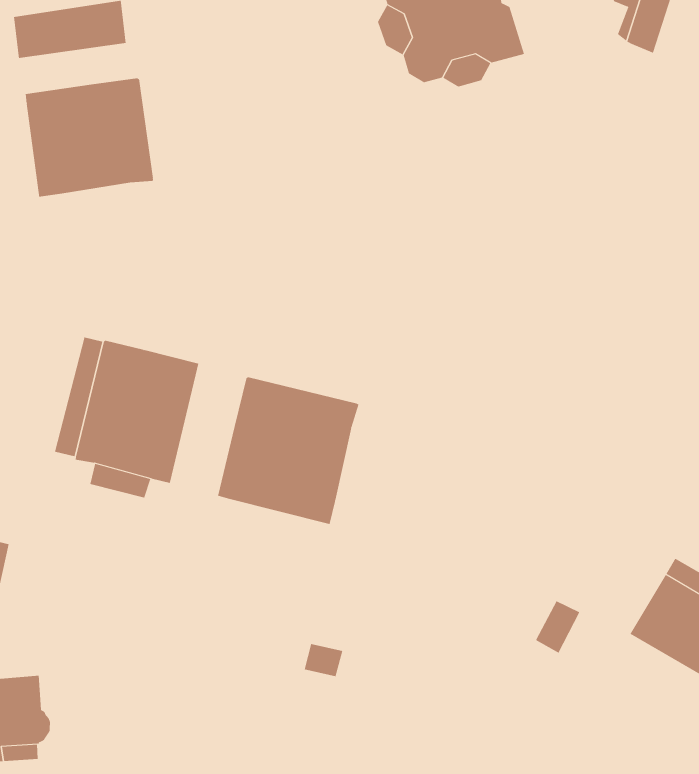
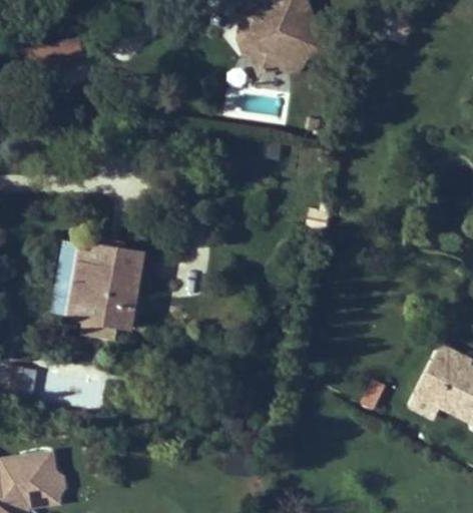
building: [25,77,153,197] -> none
building: [217,376,359,525] -> none

